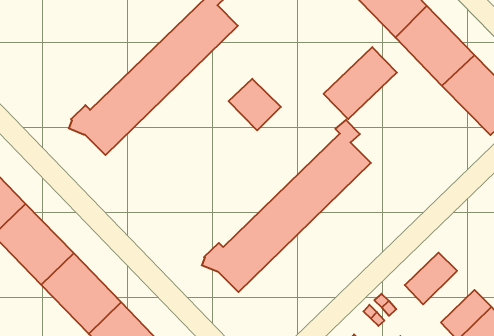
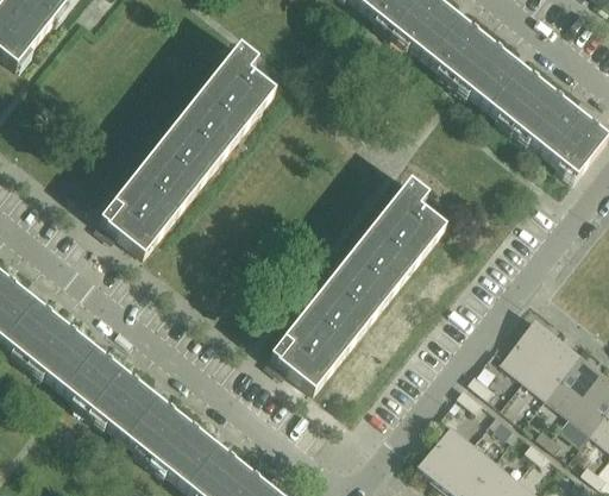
building: [324,47,397,119] -> none
building: [229,79,281,130] -> none
building: none -> [523,331,579,391]

